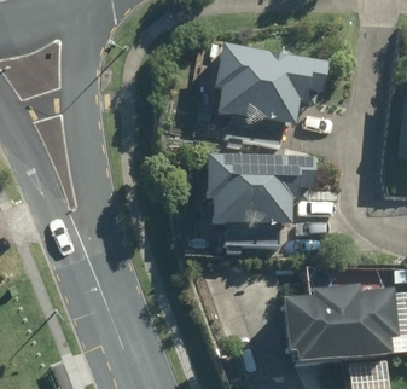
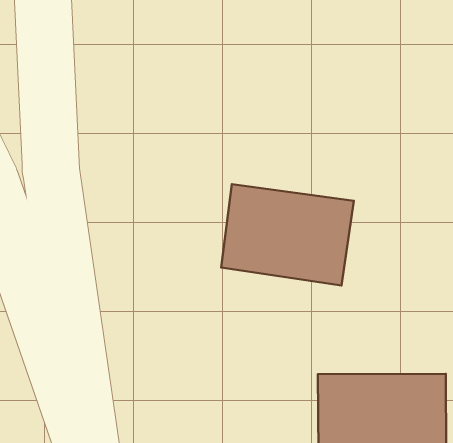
building: [215,50,327,150] -> none

